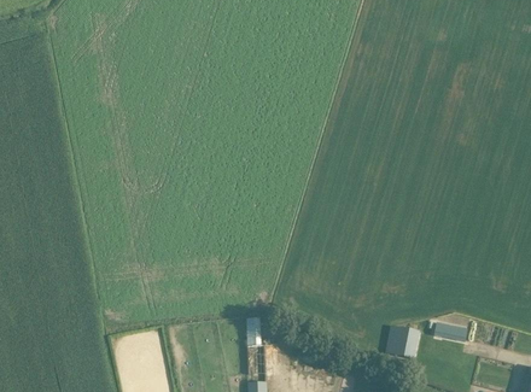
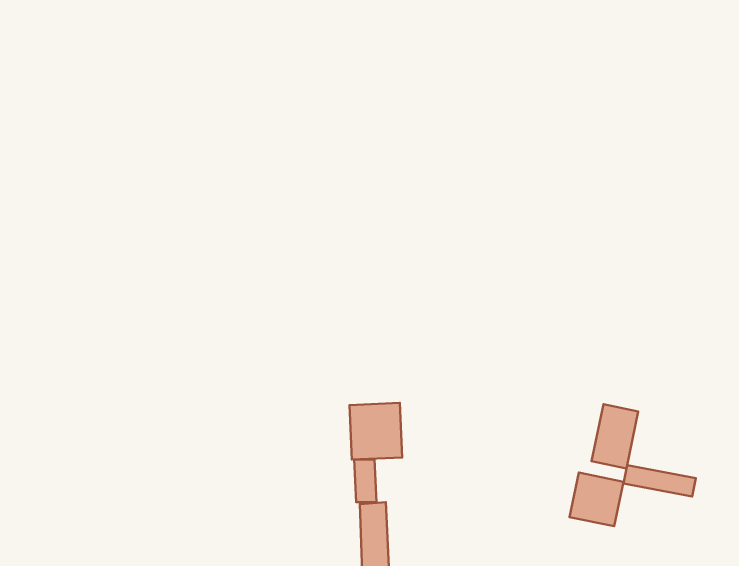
building: none -> [350,403,402,460]
building: none -> [592,404,638,468]

